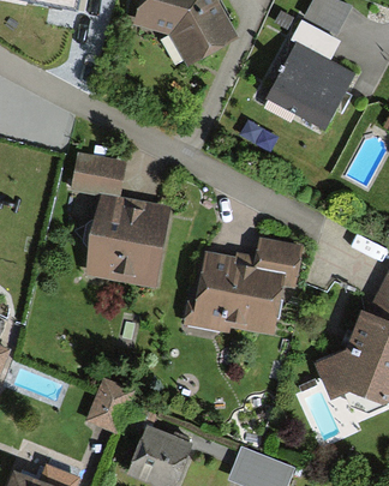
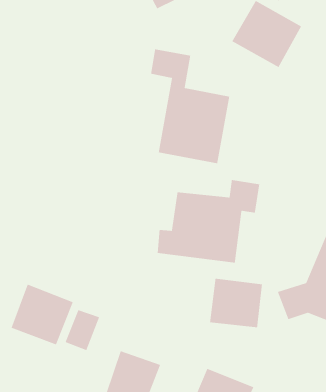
building: [78,160,164,284] -> [150,49,230,164]
building: none -> [209,278,263,328]
building: none -> [11,284,74,345]

